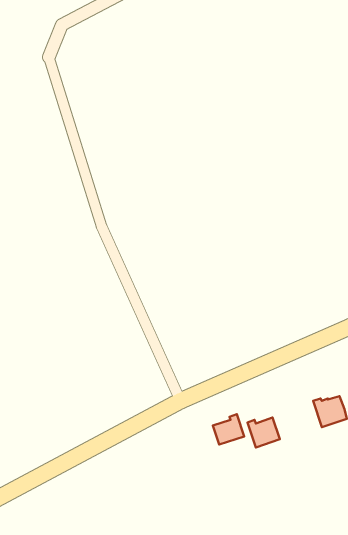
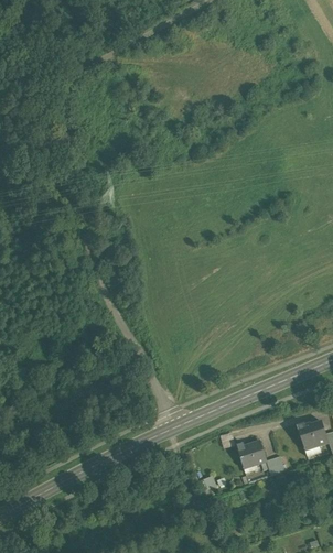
building: [213,414,244,445] -> none

